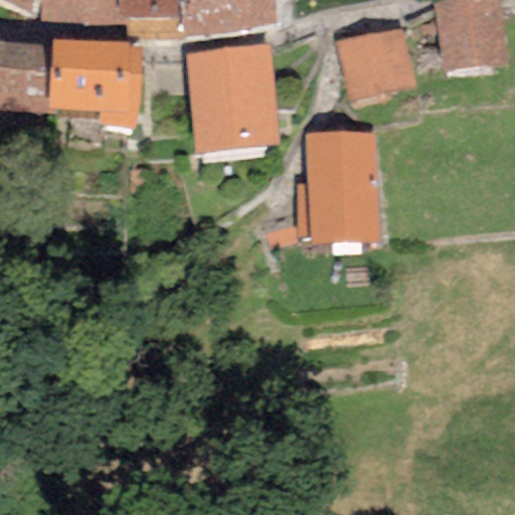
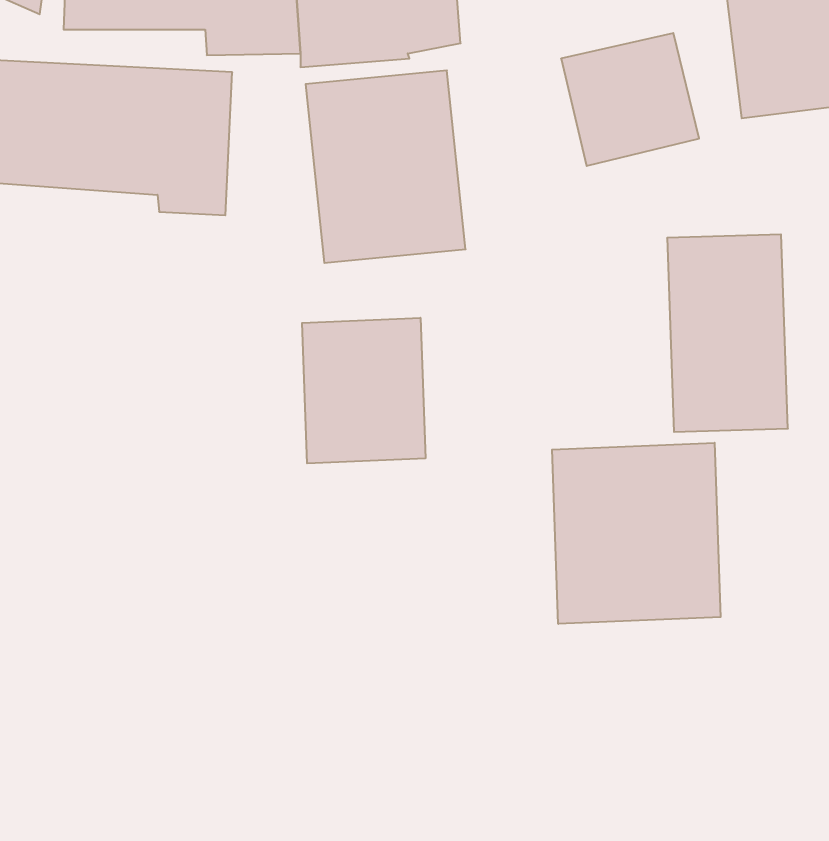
building: [307,129,378,245] -> [667,234,788,432]
building: none -> [302,318,425,463]
building: none -> [552,443,721,624]

